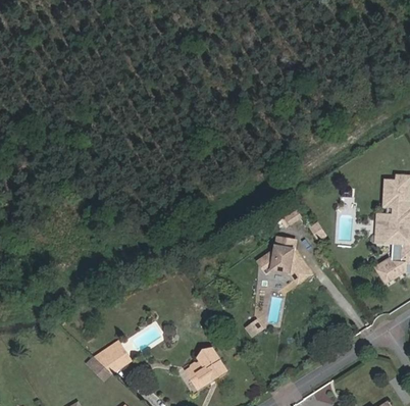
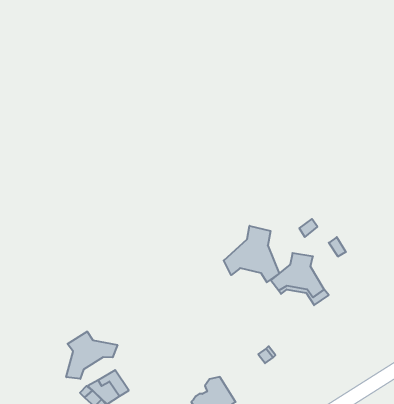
building: none -> [224,226,279,282]
building: none -> [66,331,117,379]

